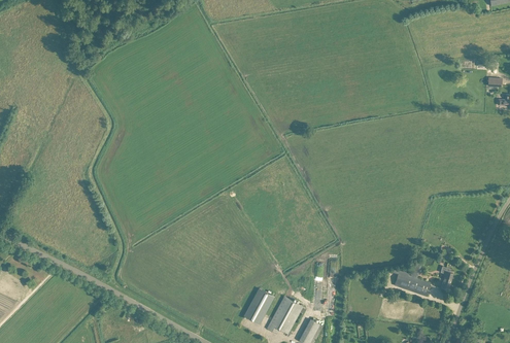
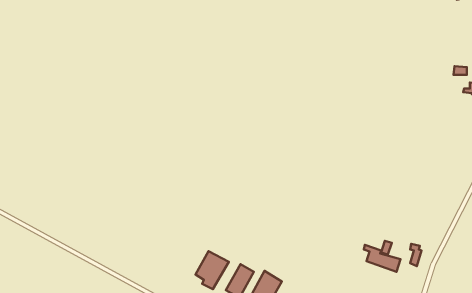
building: none -> [196,251,229,289]

